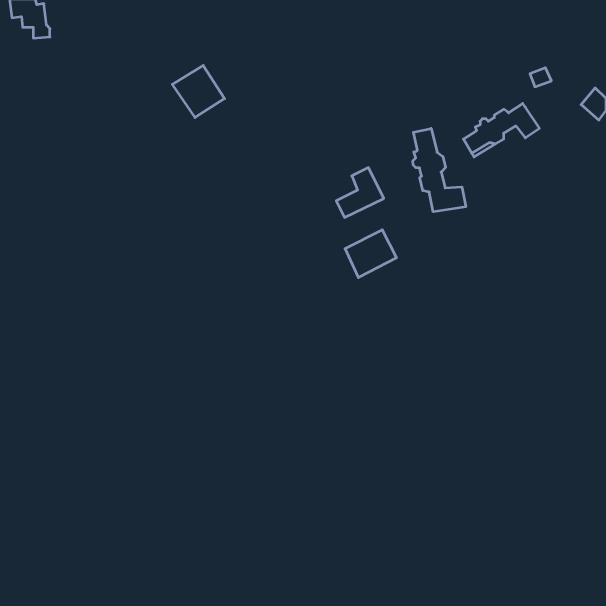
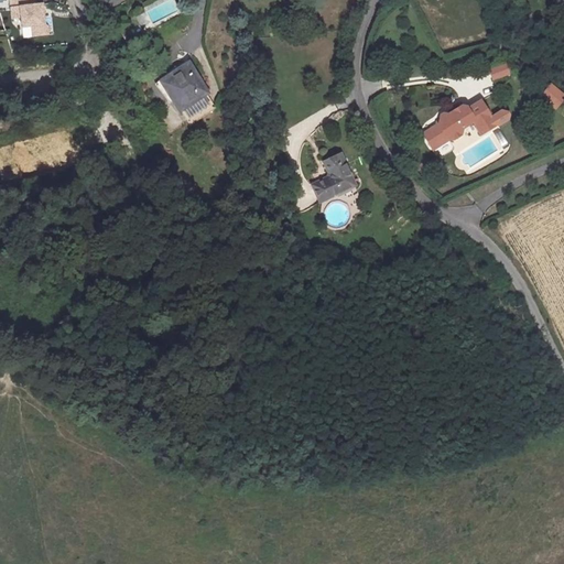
building: [413,128,466,212] -> none
building: [345,230,396,278] -> none

